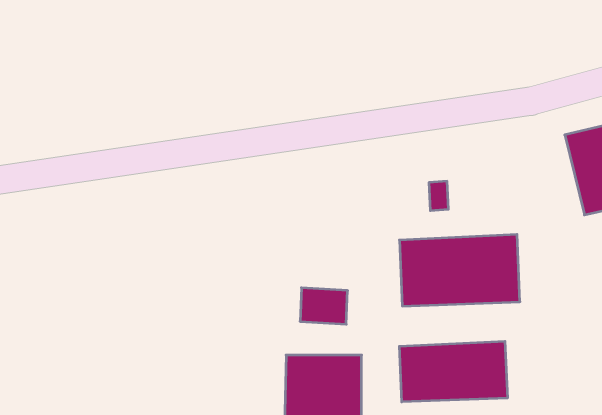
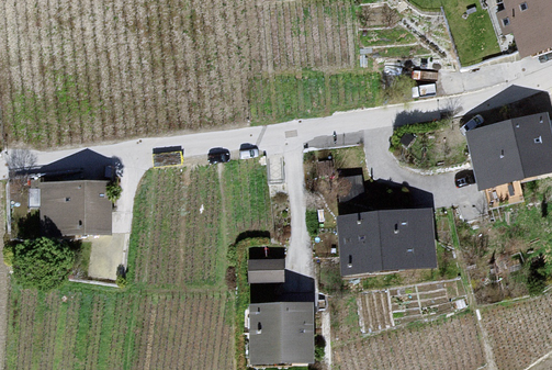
building: none -> [41,179,106,240]
building: [399,341,507,402] -> none

